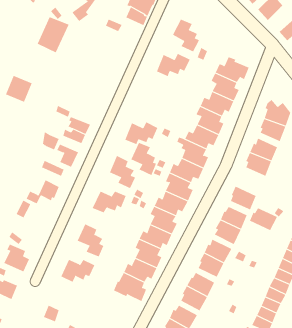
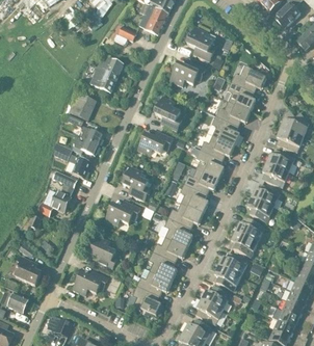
building: [37,16,69,53] -> [90,55,124,92]
building: [5,75,33,103] -> [69,92,97,121]
building: [130,142,157,176] -> [155,97,182,131]
building: [249,208,278,231] -> [252,184,281,208]

